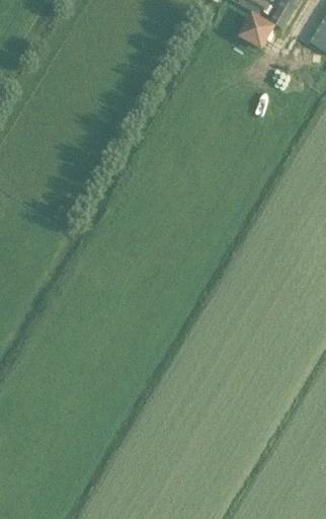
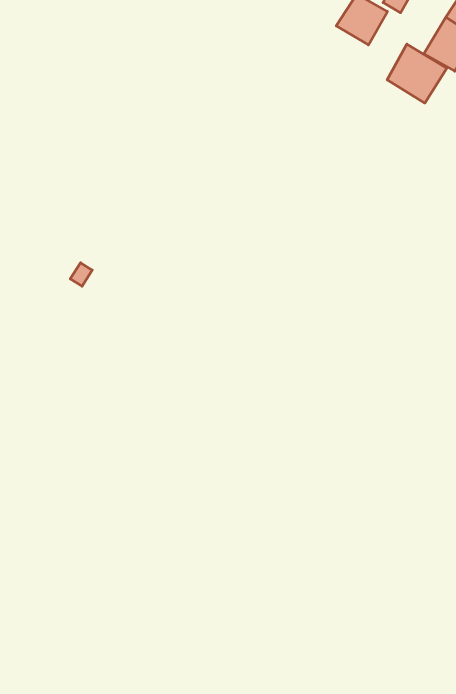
building: none -> [387,44,447,103]

